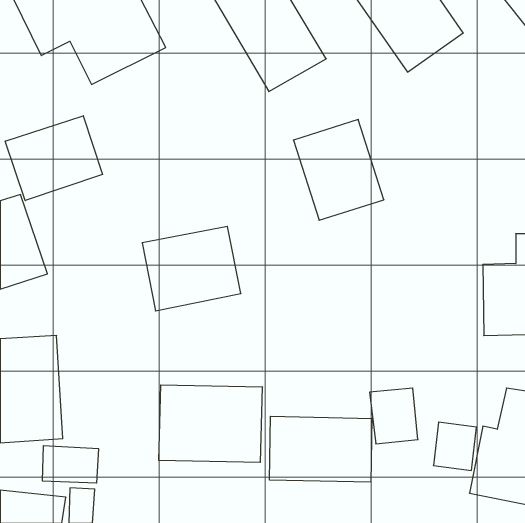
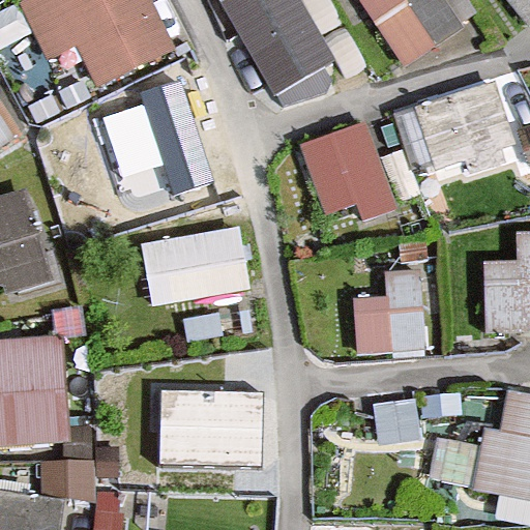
building: none -> [138,66,225,187]
building: none -> [413,85,519,184]
building: [5,116,103,201] -> none
building: none -> [345,268,422,355]
building: [270,416,372,482] -> none

